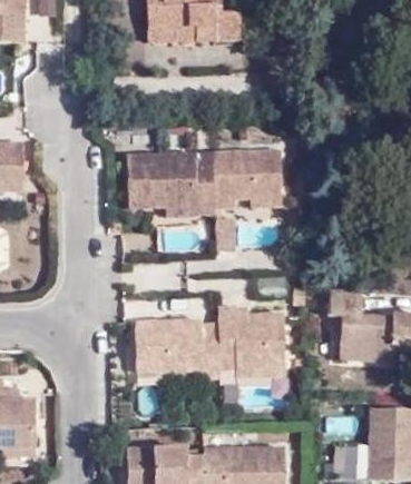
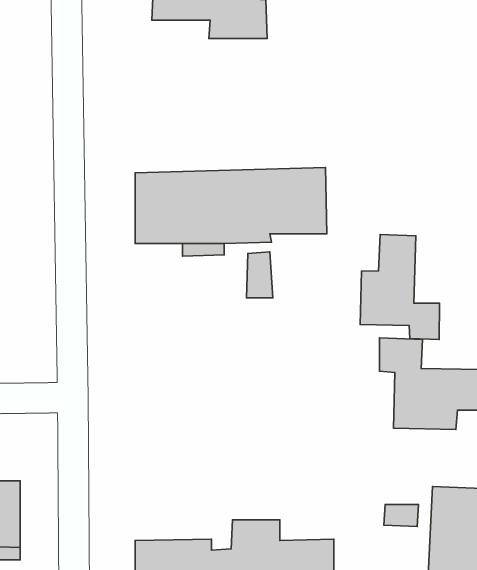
building: none -> [360,234,440,340]
building: [139,307,291,382] -> none

